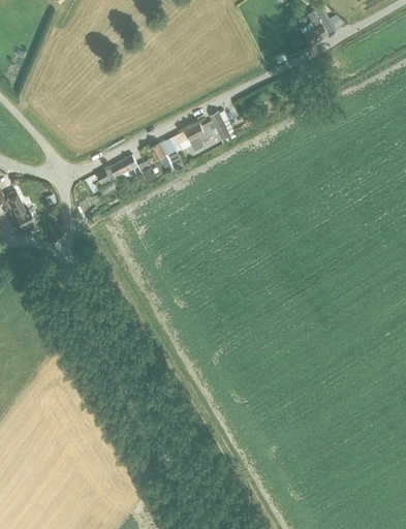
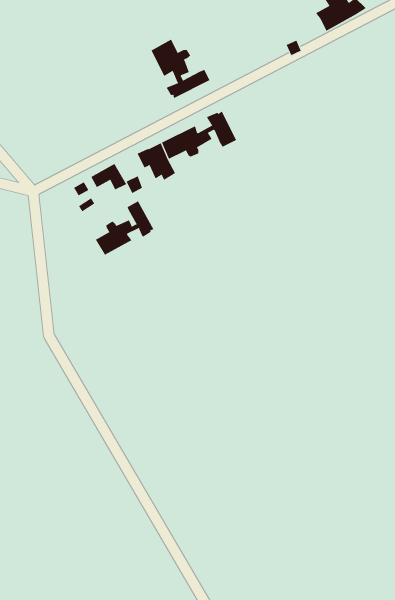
building: none -> [151,39,210,99]
building: none -> [95,200,154,255]

